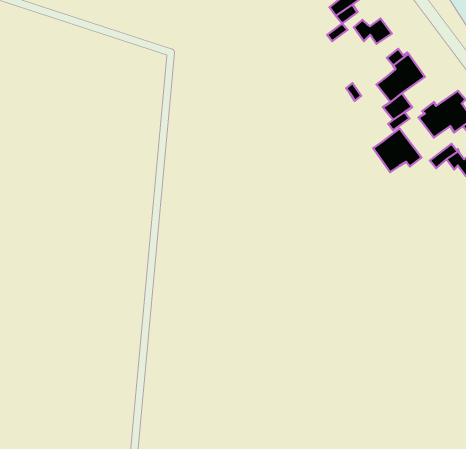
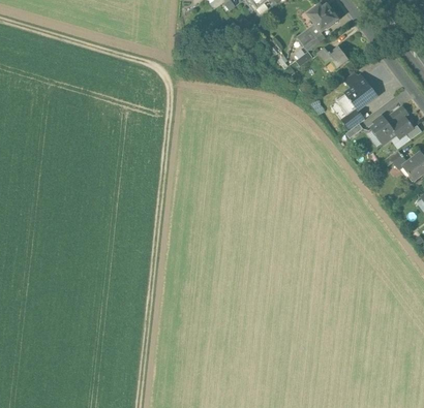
building: [373,129,422,172] -> none

